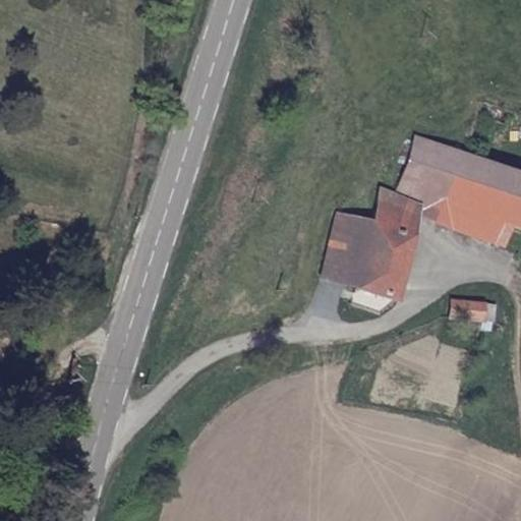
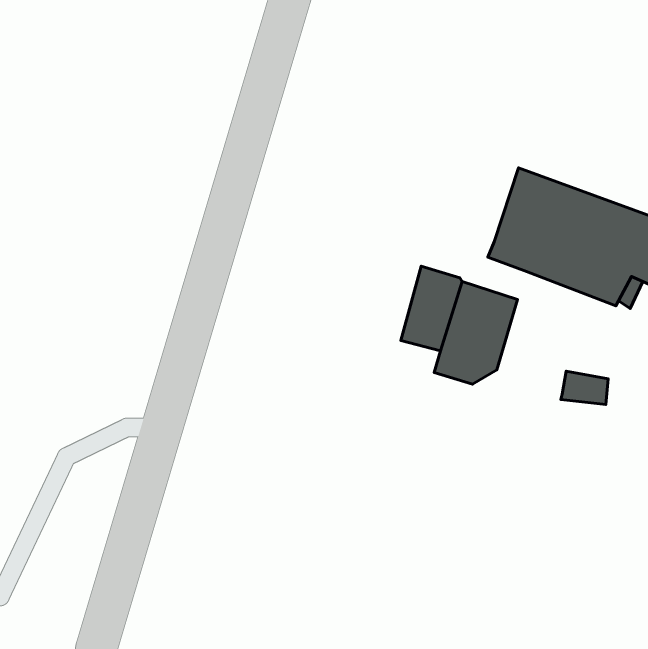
building: [370,187,423,238] -> none

